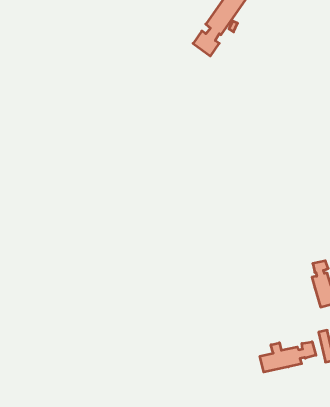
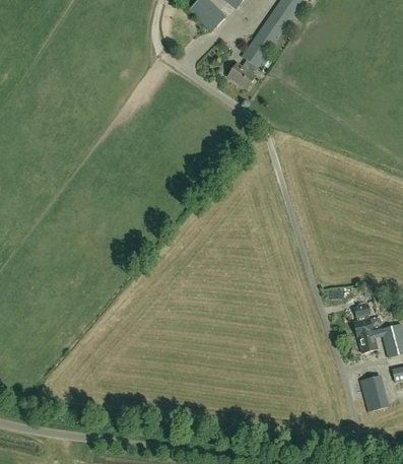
building: [260,342,316,372] -> none

